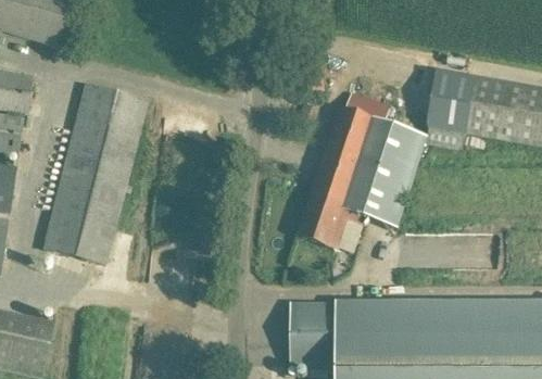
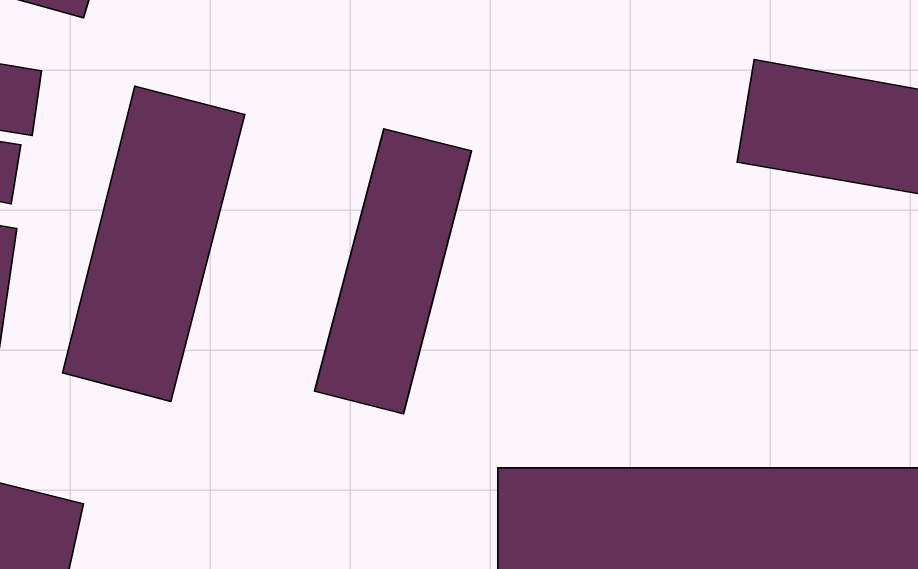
building: [299,91,428,252] -> none
building: none -> [314,129,471,414]

